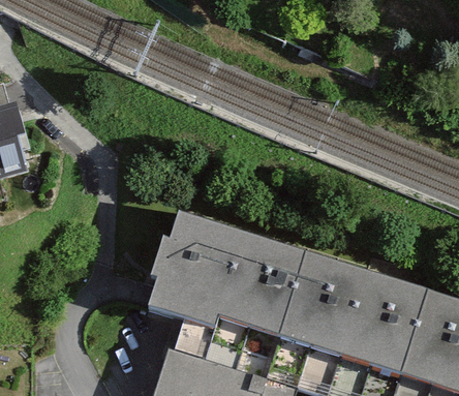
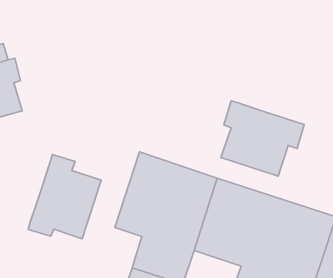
building: none -> [221,101,304,176]
building: none -> [28,155,101,239]

